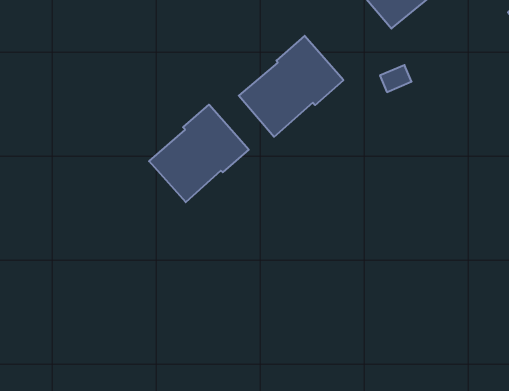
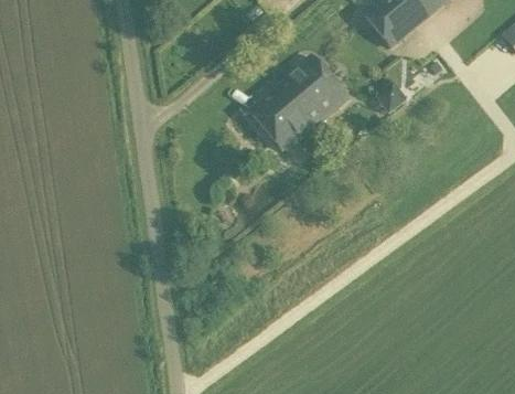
building: [149,105,249,202] -> none

